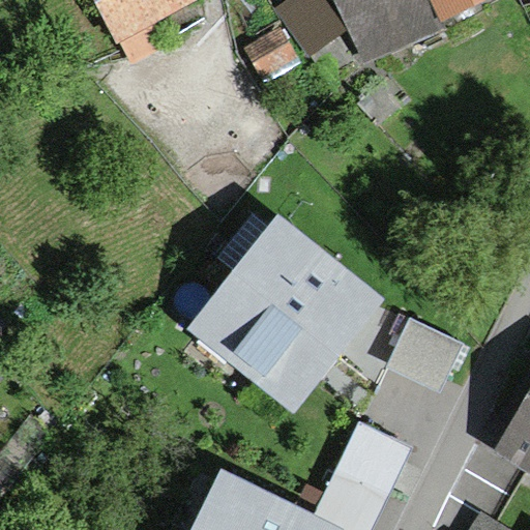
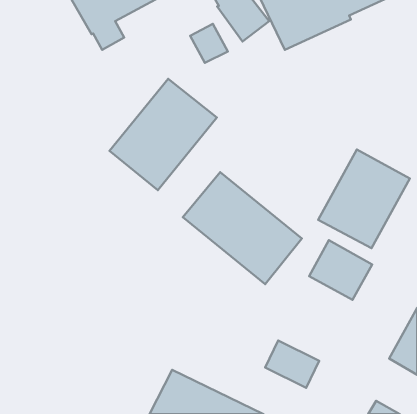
building: none -> [110,79,217,190]
building: none -> [318,149,410,248]
building: [188,275,336,413] -> none

